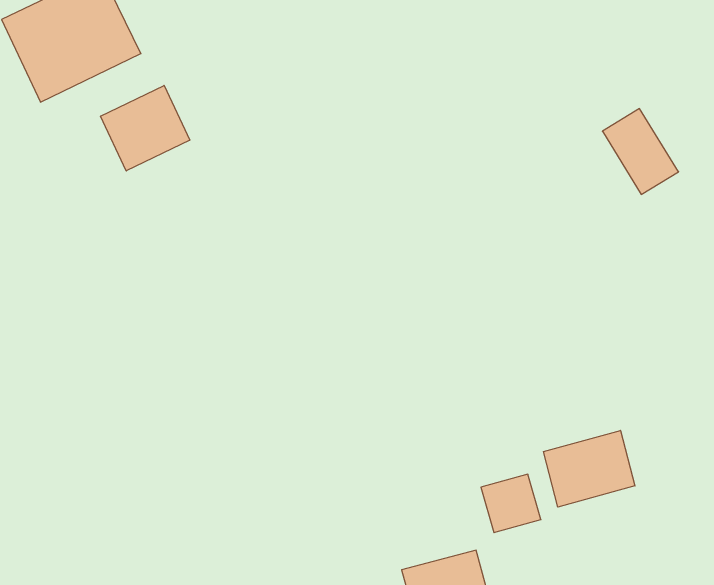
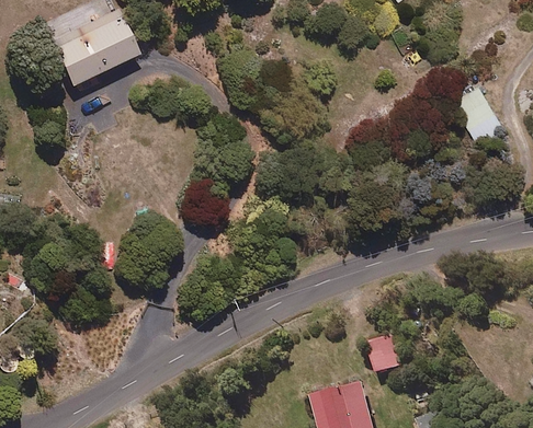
building: [101,85,190,171] -> none
building: [544,430,635,507] -> none

